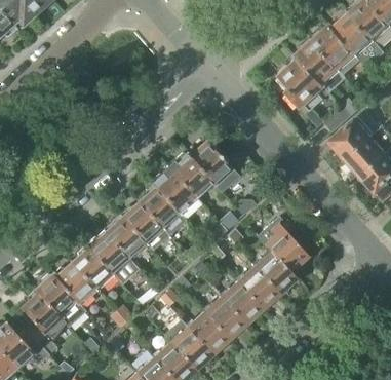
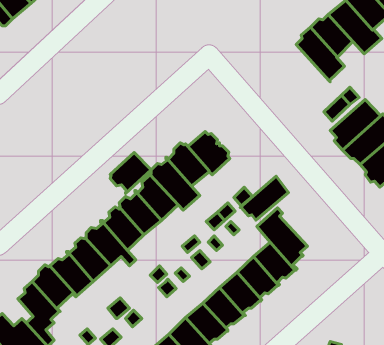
building: [280,55,331,111] -> none
building: none -> [110,152,151,194]
building: none -> [240,176,288,220]

